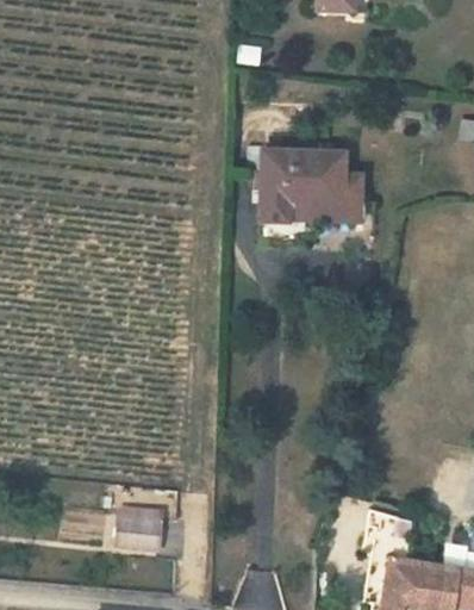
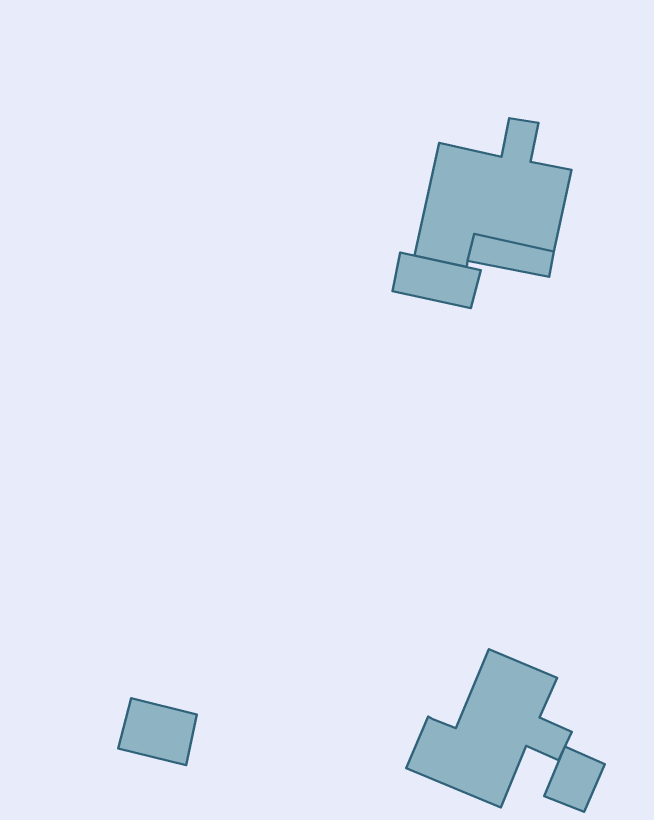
building: none -> [392,253,481,308]
building: none -> [406,649,572,808]

